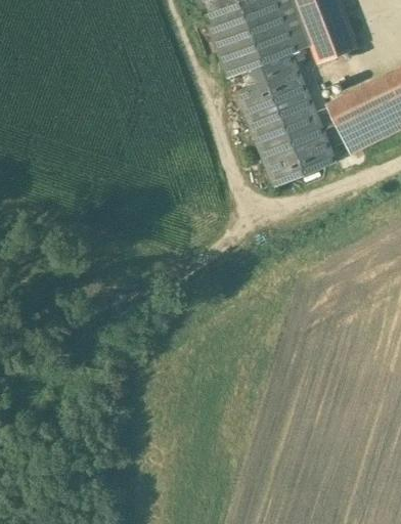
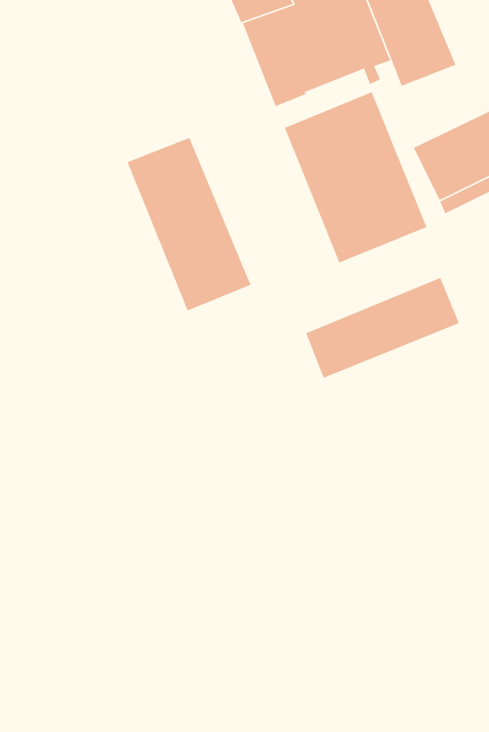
building: none -> [127,137,252,312]
building: none -> [305,277,460,379]

